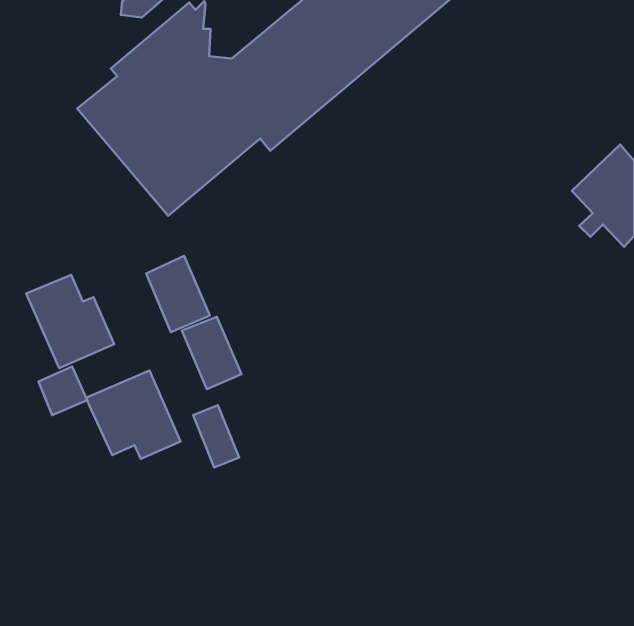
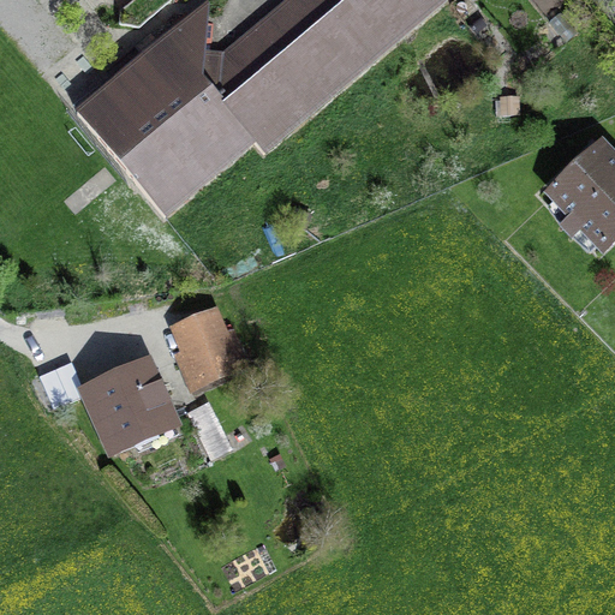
building: [146,256,210,332] -> none
building: [26,275,114,368] -> none

